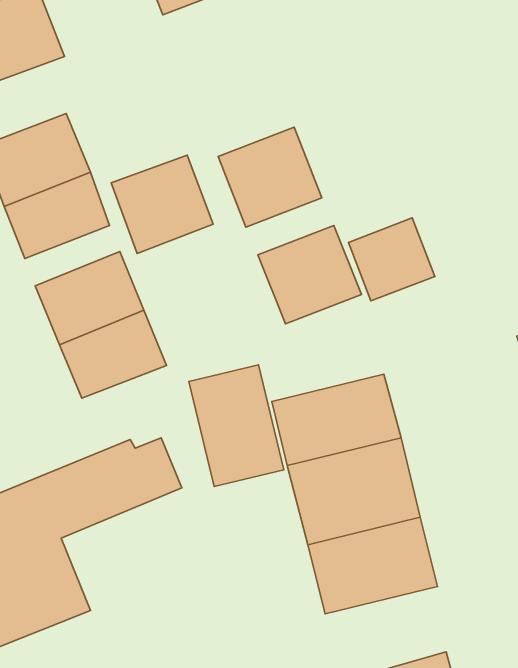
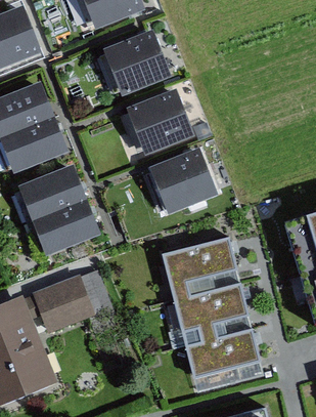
building: [111,155,213,254] -> [108,35,169,93]
building: [348,218,435,301] -> none
building: [189,365,284,487] -> none

